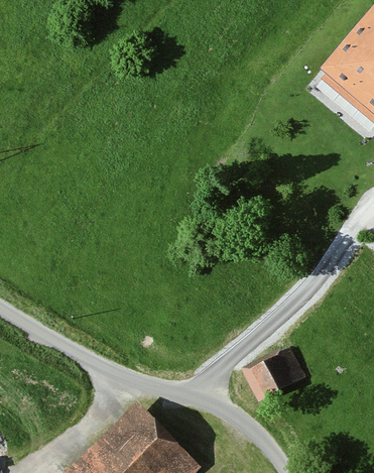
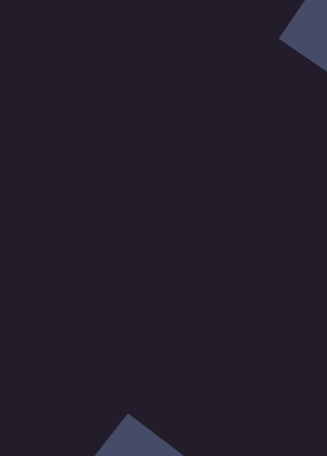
building: [242,351,300,402] -> none

